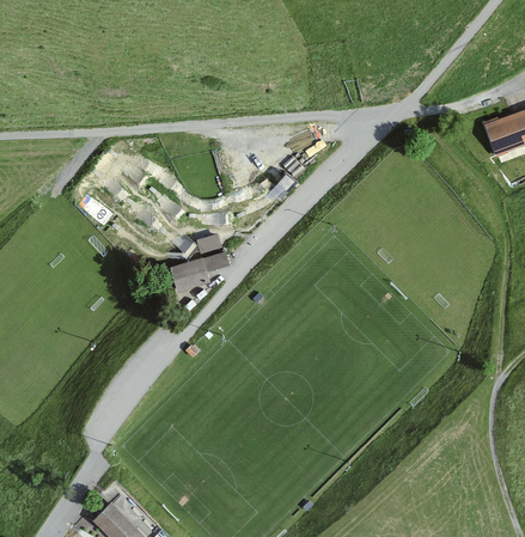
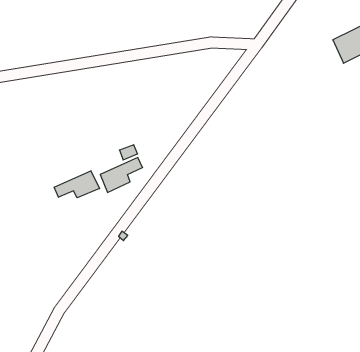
building: none -> [54,171,100,198]

